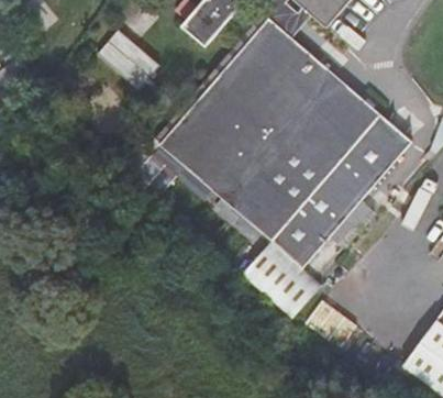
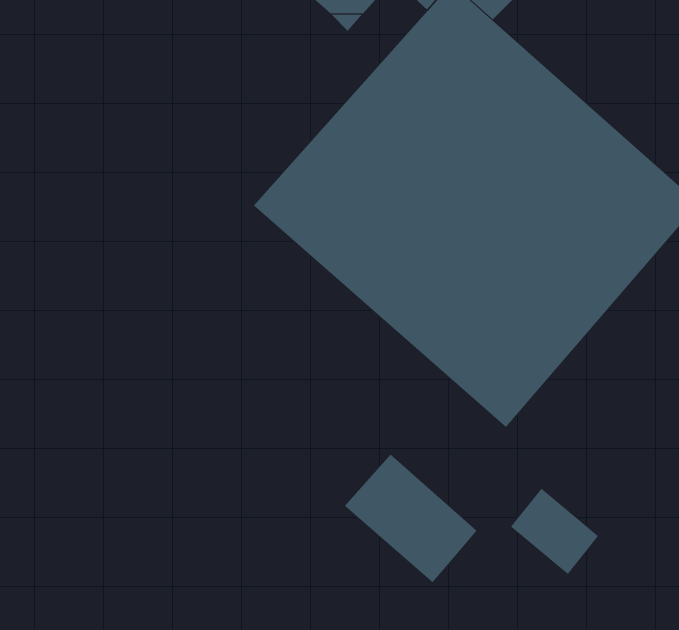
building: [95,35,155,95] -> none
building: [240,244,315,318] -> [344,454,477,583]

